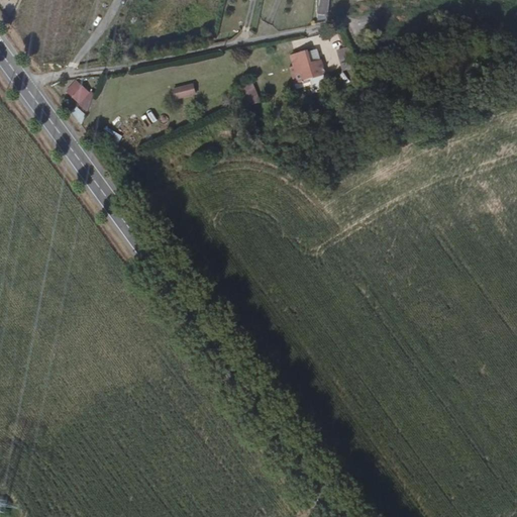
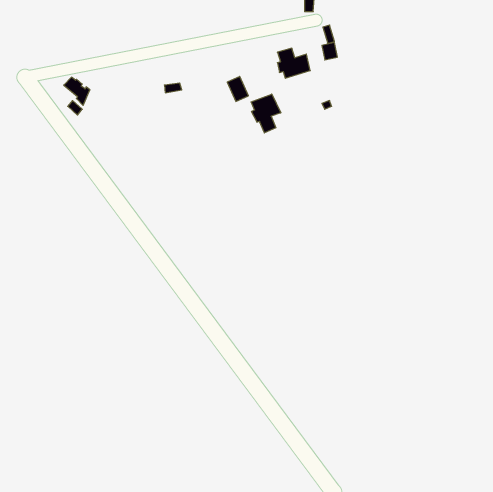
building: none -> [251,94,281,133]

